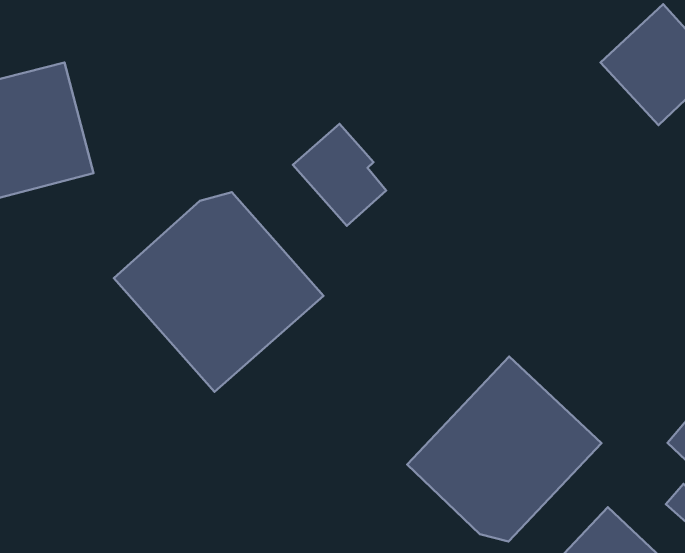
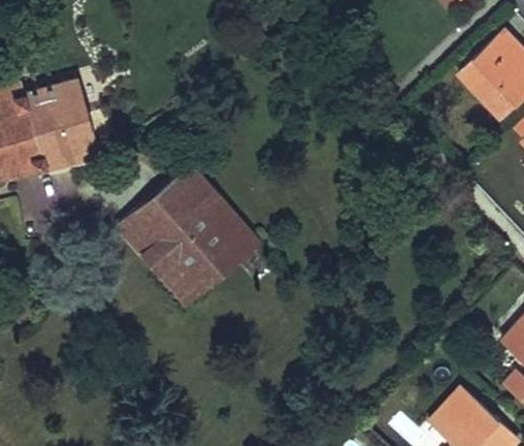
building: [293,124,386,226] -> none
building: [407,356,602,542] -> none

